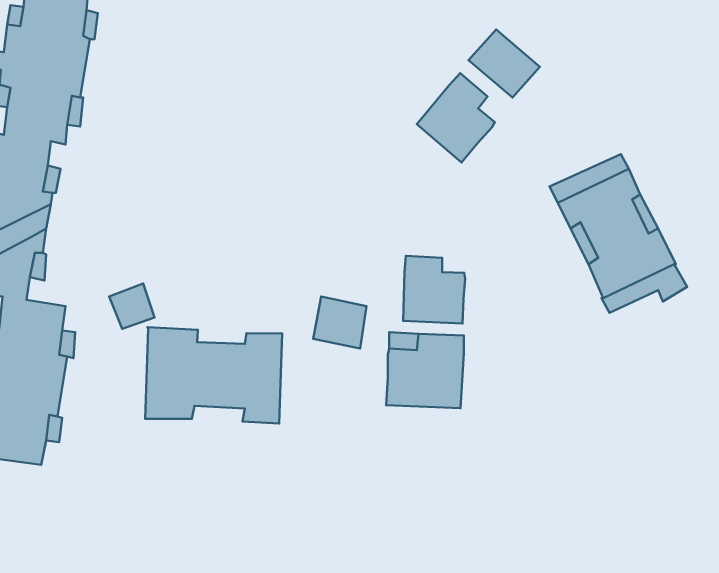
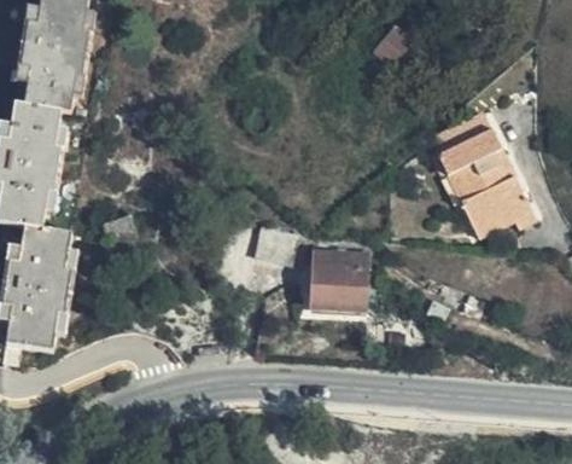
building: [417,73,495,162] -> none
building: [403,256,465,323] -> none
building: [145,327,282,423] -> none

